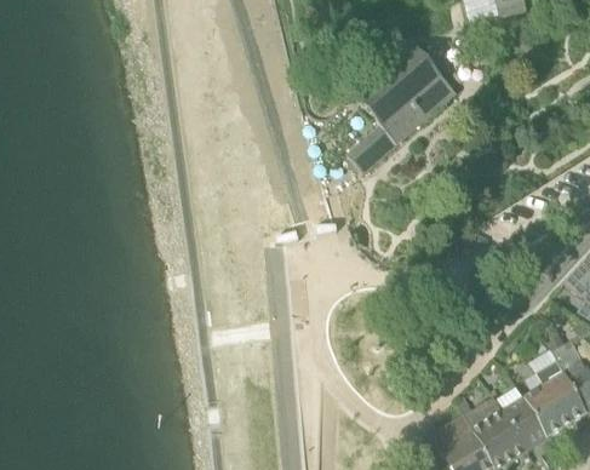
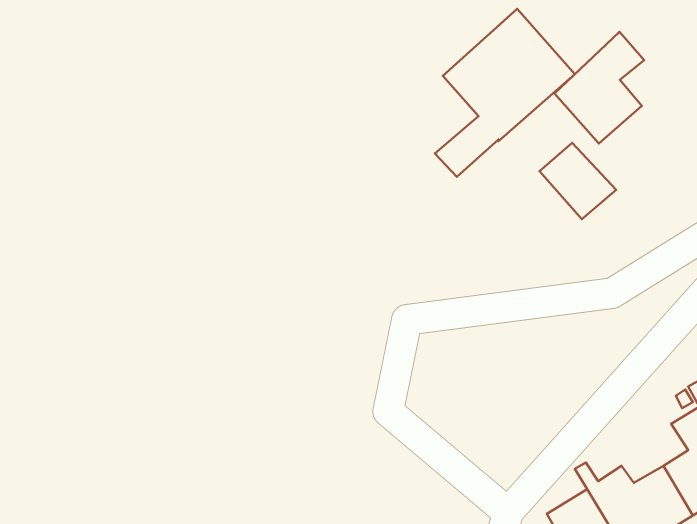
building: none -> [555,32,644,144]
building: none -> [539,143,616,219]

